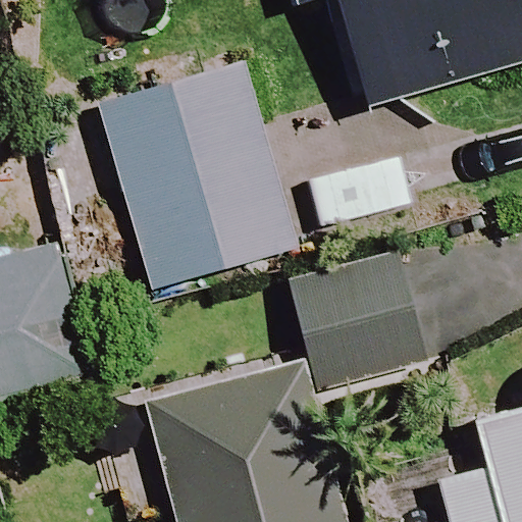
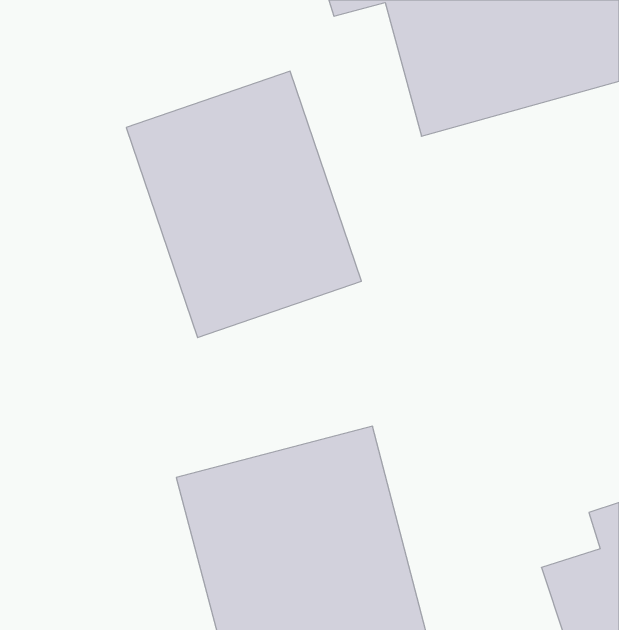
building: [290,247,431,386] -> none

